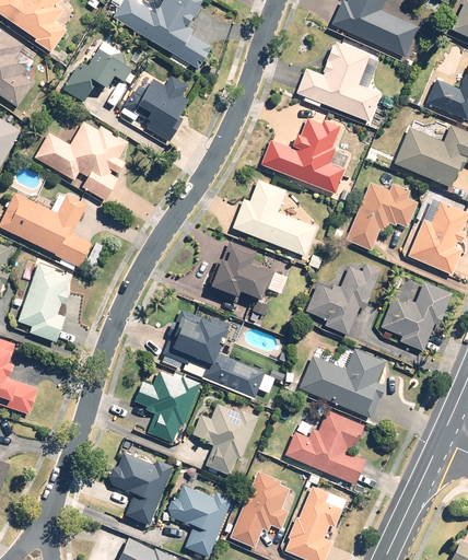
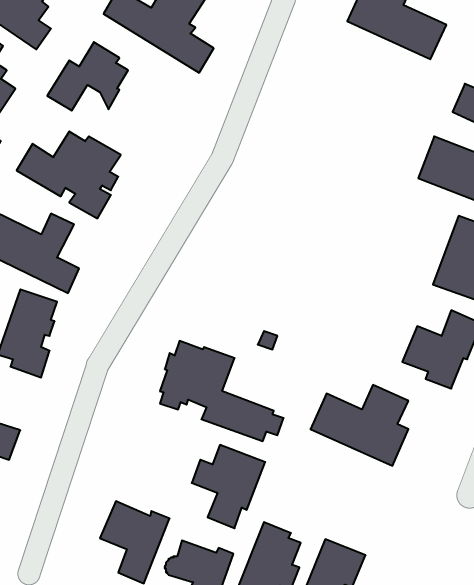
building: [296,43,381,121] -> none
building: [120,73,189,141] -> none
building: [260,118,349,192] -> none
building: [231,179,315,256] -> none
building: [346,182,417,249] -> none
building: [204,241,290,302] -> none
building: [305,264,379,335] -> none
building: [134,366,200,442] -> none
building: [283,409,365,486] -> none

